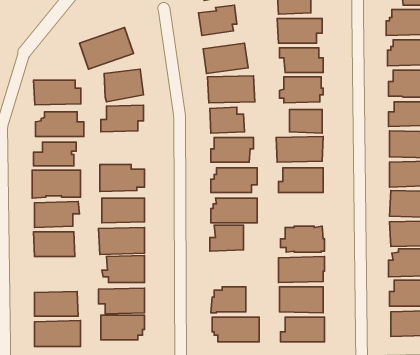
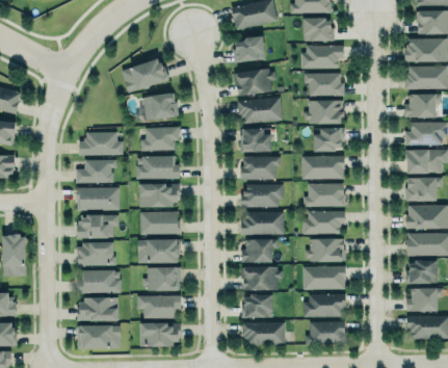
building: [34,80,81,105] -> [136,157,180,180]
building: none -> [304,211,346,235]
building: none -> [240,264,281,289]
building: none -> [77,270,121,293]

